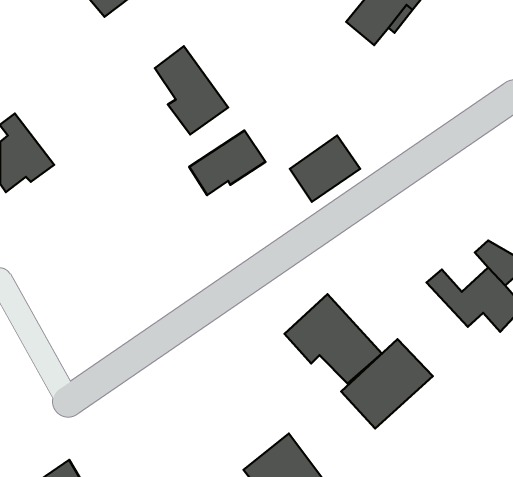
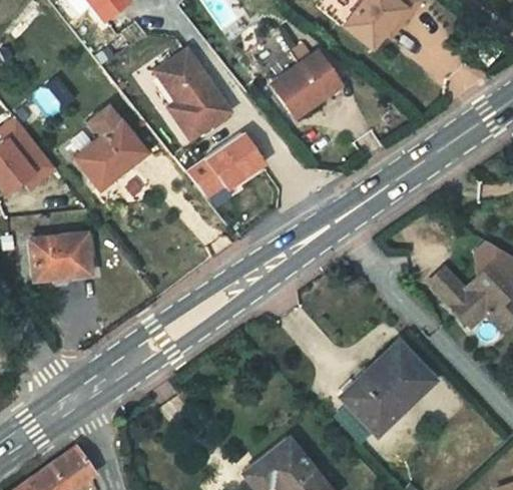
building: none -> [76,97,153,191]
building: [290,136,360,202] -> [274,51,344,117]
building: none -> [27,232,92,283]
building: [285,294,382,384] -> none

